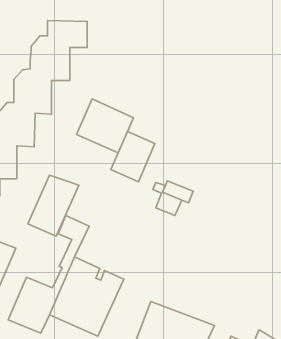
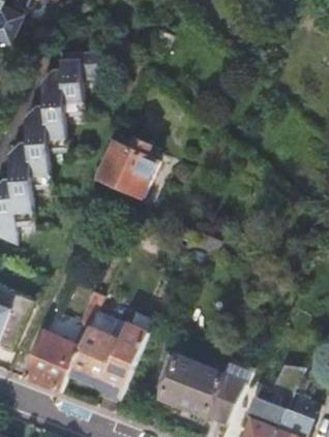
building: [111,131,155,182] -> none
building: [28,175,79,236] -> none

